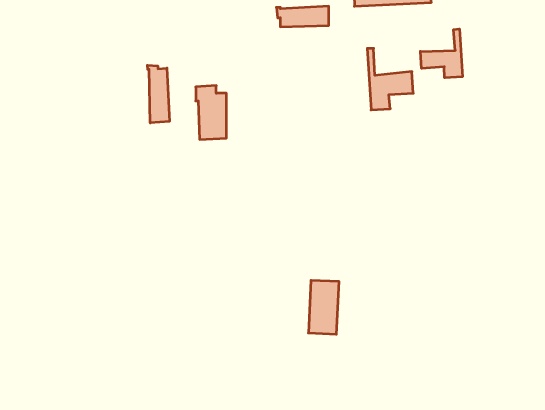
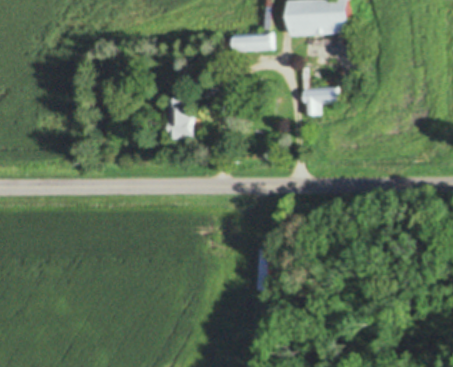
building: [420,29,462,78] -> none
building: [147,65,169,123] -> none

